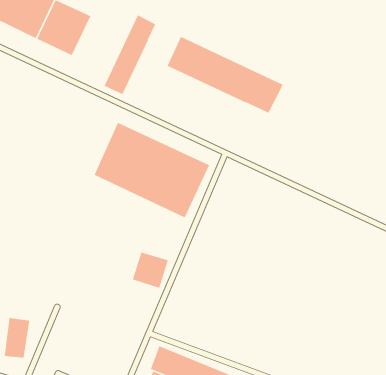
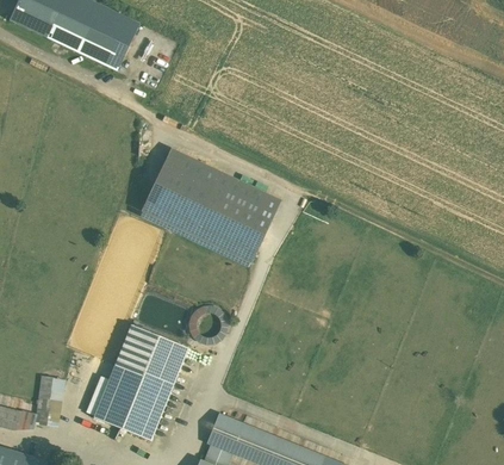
building: [103,14,156,95] -> none
building: [166,36,284,114] -> none
building: none -> [93,326,187,441]

